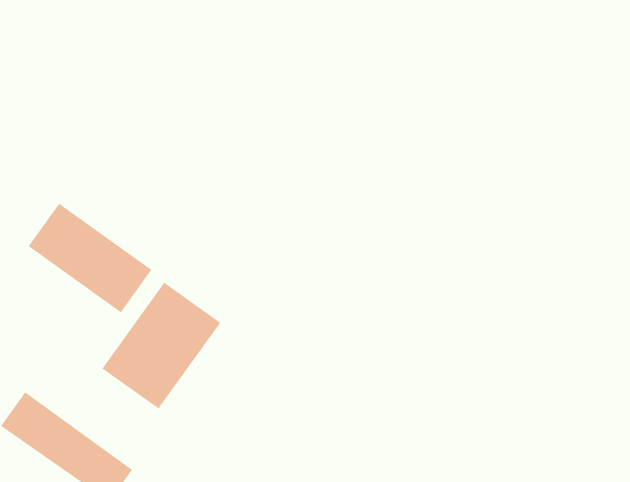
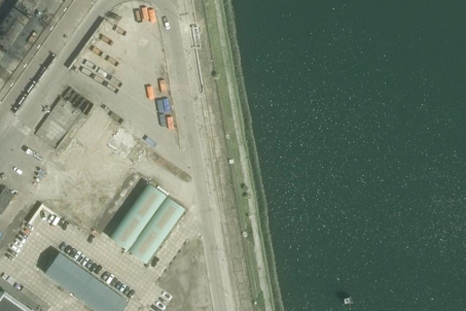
building: [28,203,152,313] -> none

